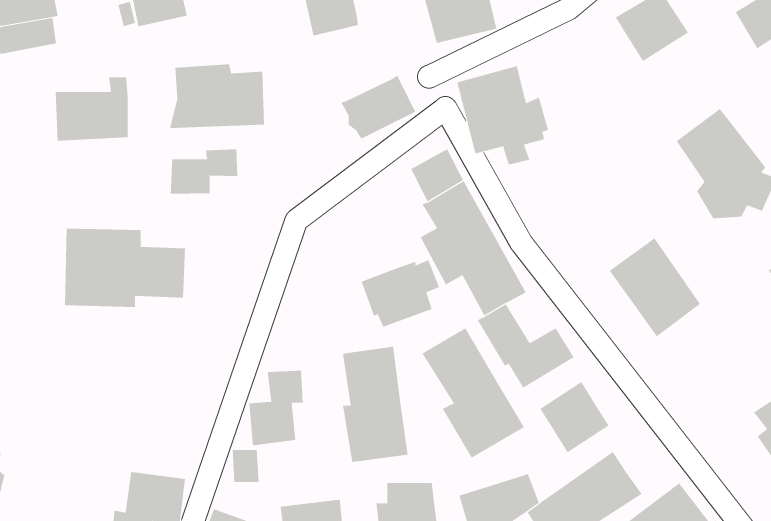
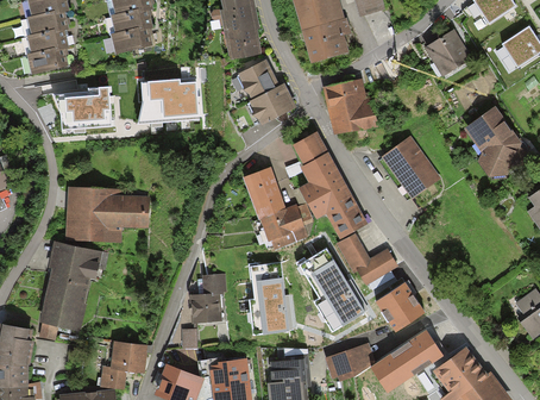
building: none -> [238,60,281,101]
building: [170,149,238,194] -> none
building: none -> [243,168,285,219]
building: [609,238,701,337] -> [381,135,440,199]
building: none -> [37,240,107,330]

